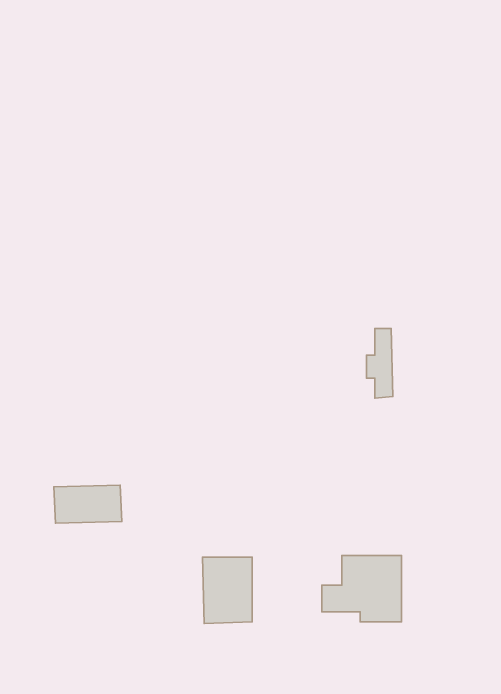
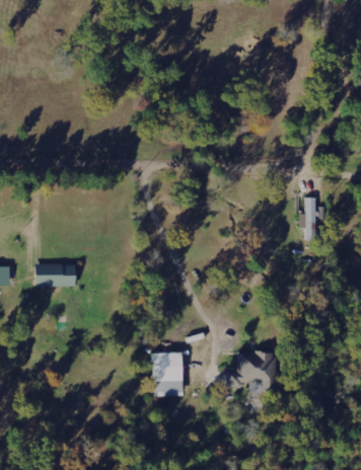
building: [366,329,393,398] -> [300,198,316,240]
building: [54,485,122,523] -> [34,263,76,287]

